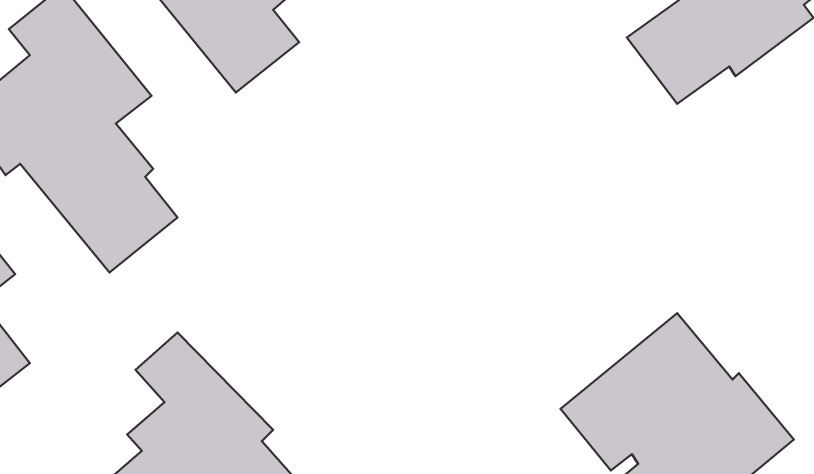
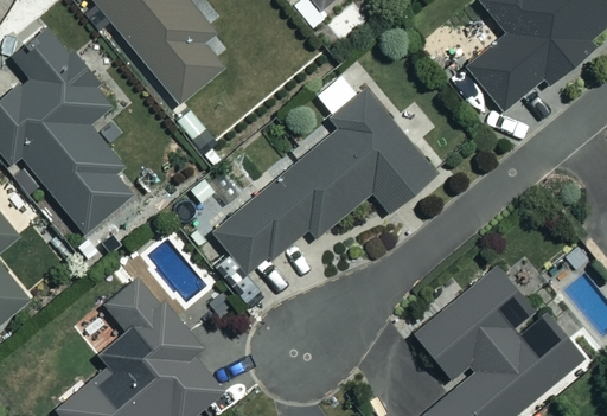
building: none -> [212,89,435,275]

